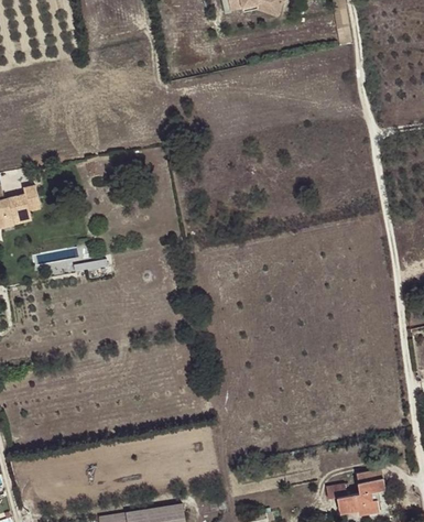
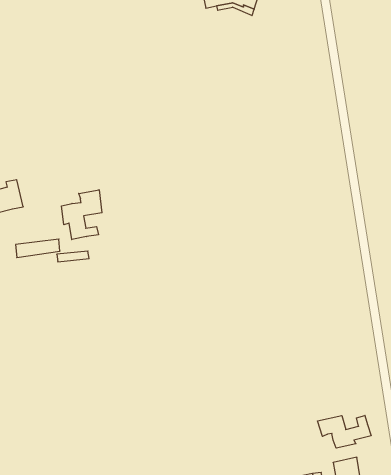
building: none -> [62,190,102,240]
building: none -> [318,415,371,448]

